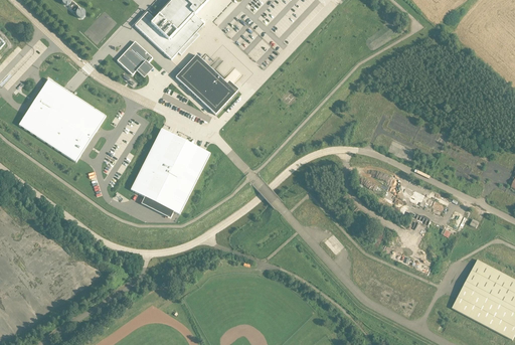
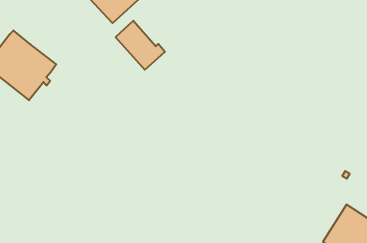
building: [118,40,152,73] -> none
building: [131,128,210,213] -> none

